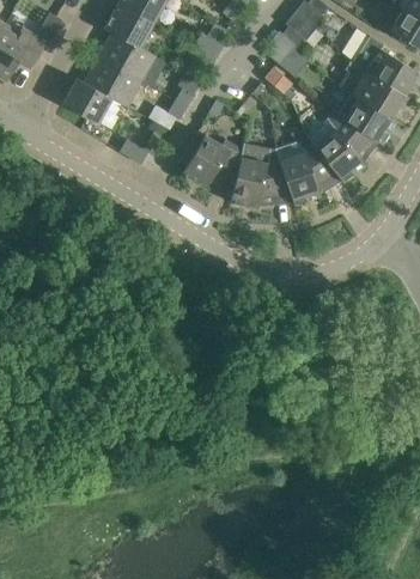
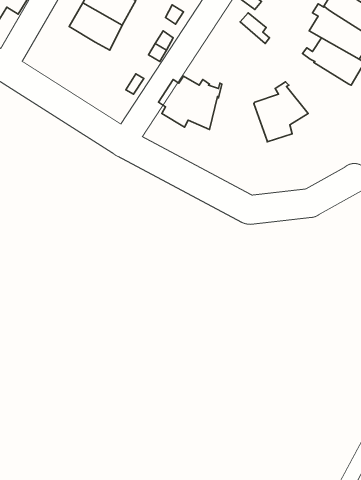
building: [63,78,112,123] -> none
building: [315,110,381,181] -> none
building: [231,142,294,207] -> none

